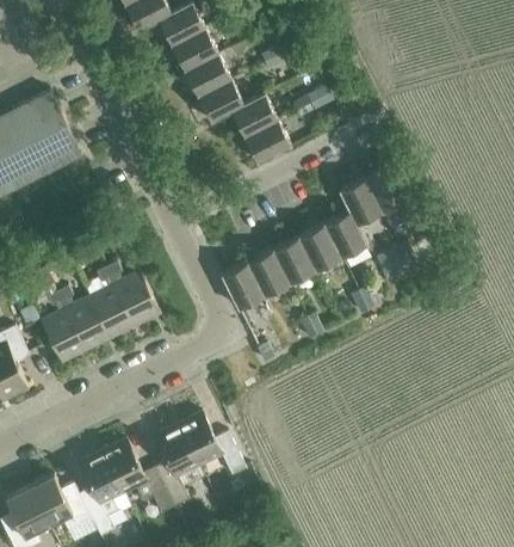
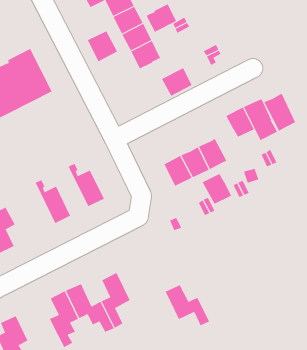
building: none -> [87,30,118,62]
building: [231,93,277,136] -> [146,3,177,32]
building: none -> [263,93,296,131]
building: [323,211,367,258] -> [202,173,232,205]
building: [221,263,264,309] -> none
building: [88,266,135,339] -> none
building: [39,290,86,363] -> none
building: [178,412,244,474] -> [165,284,210,326]
building: [29,475,89,528] -> none

